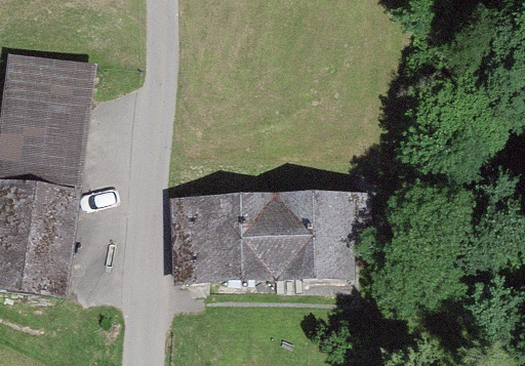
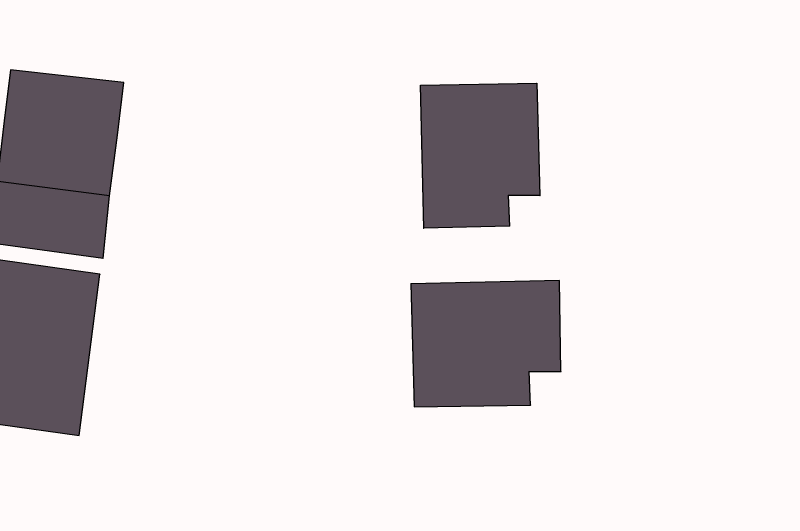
building: none -> [421,83,540,228]
building: [170,195,270,276] -> none

